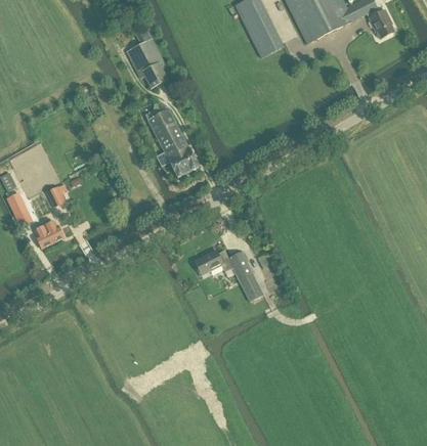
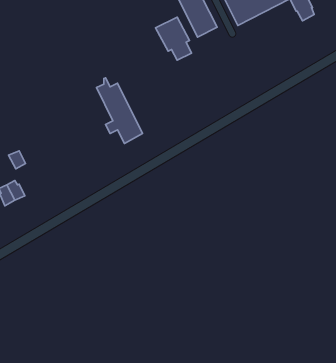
building: [126,38,167,87] -> [155,17,191,60]
building: [194,249,263,301] -> none

